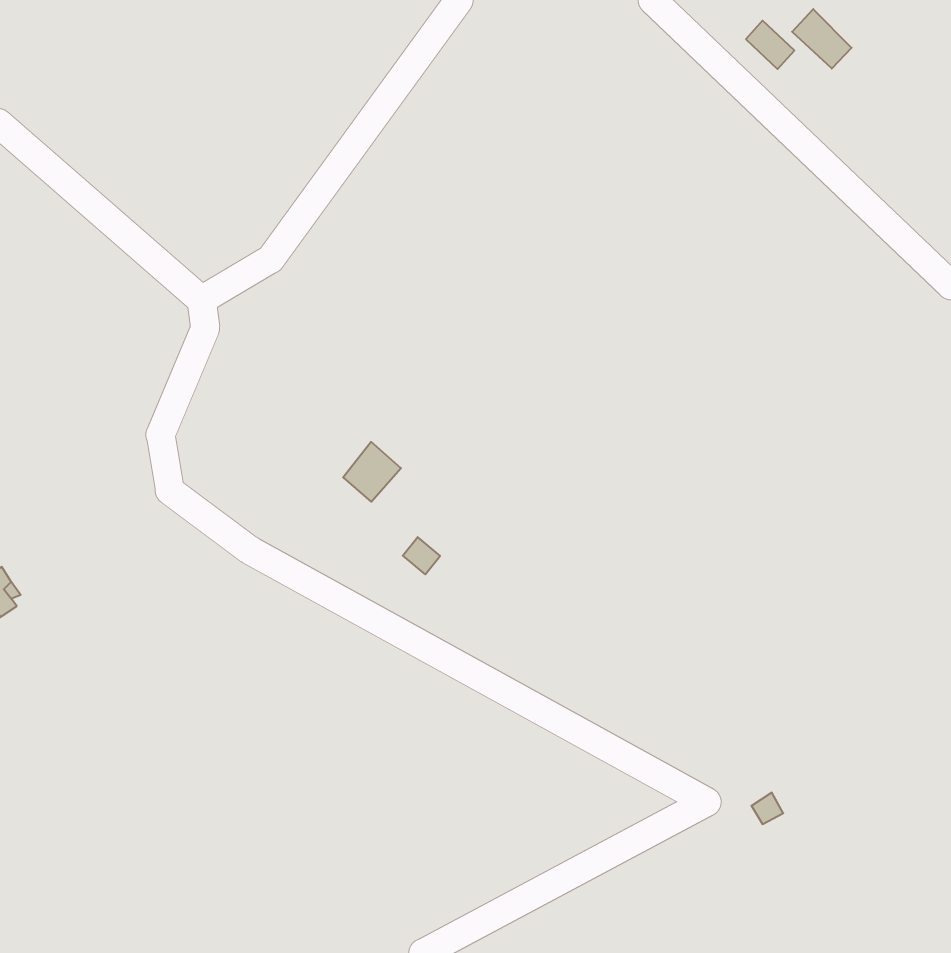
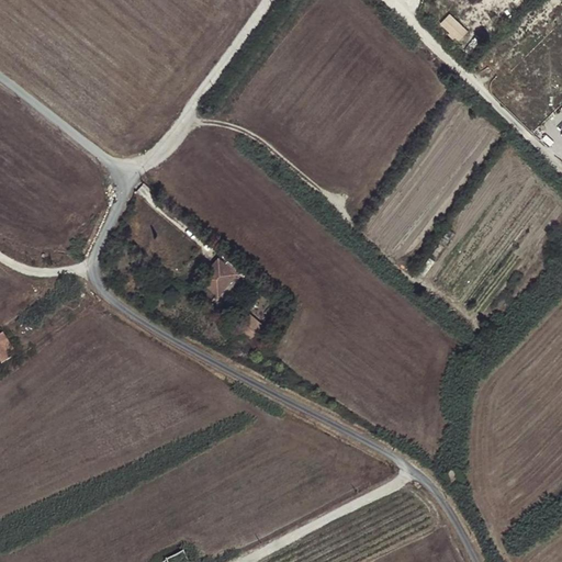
building: [792,9,852,69] -> none

